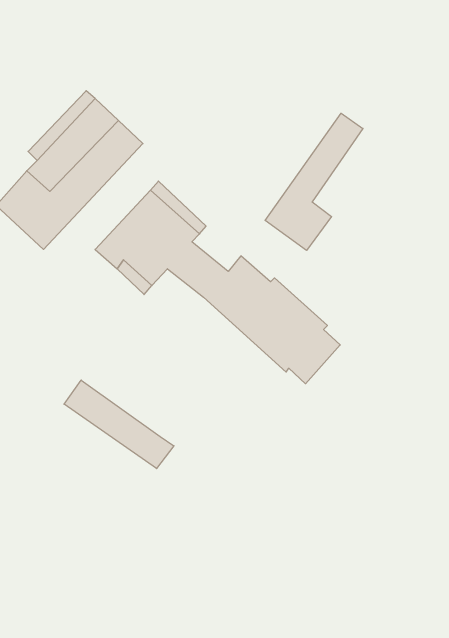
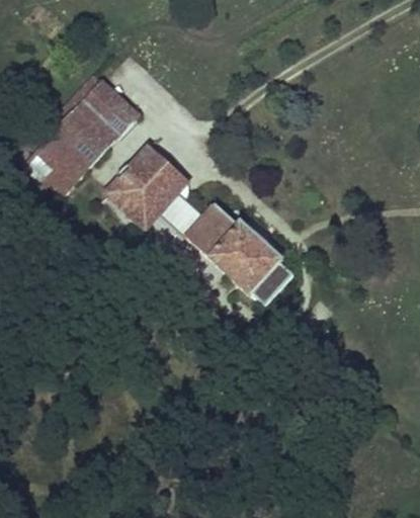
building: [265,113,363,250] -> none
building: [64,380,174,469] -> none

